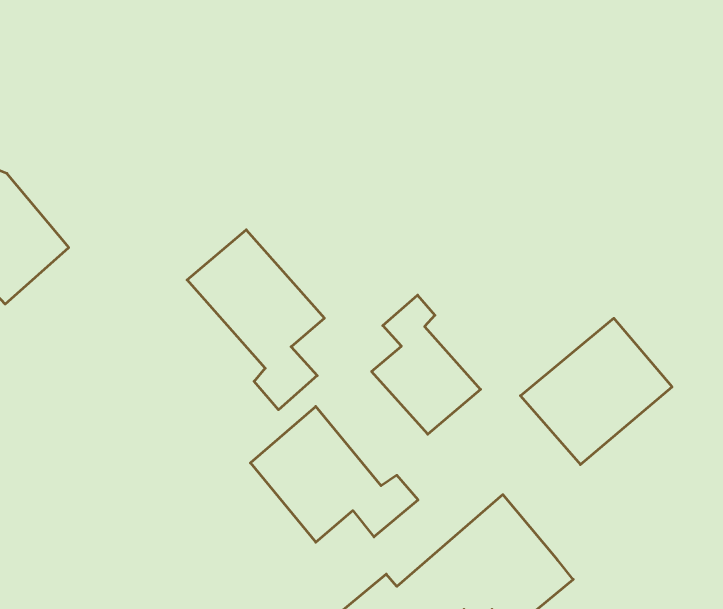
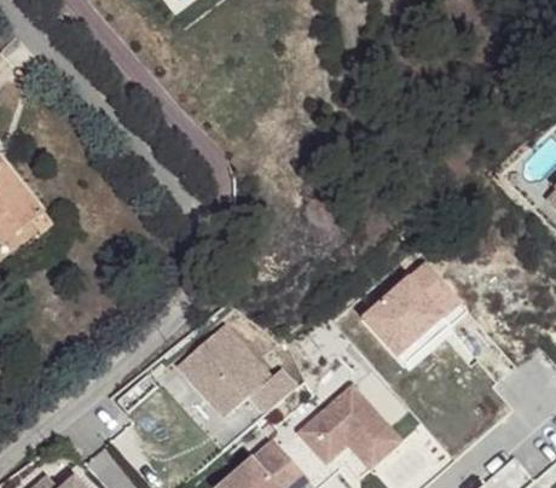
building: [187,230,324,410] -> none
building: [372,295,481,434] -> none

